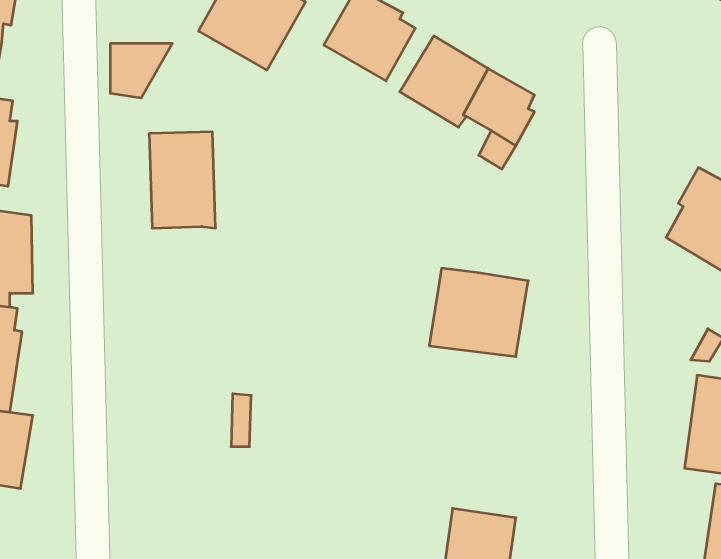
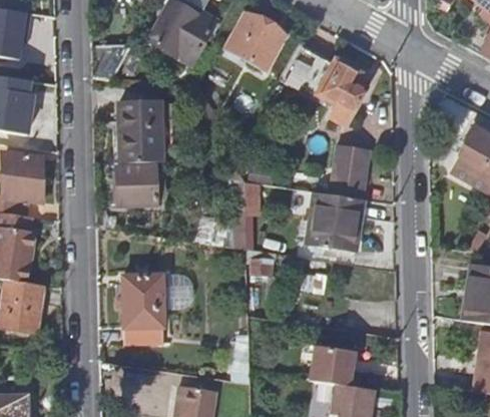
building: none -> [331,143,370,198]
building: none -> [118,168,157,206]
building: none -> [235,178,261,246]
building: none -> [121,275,161,342]

